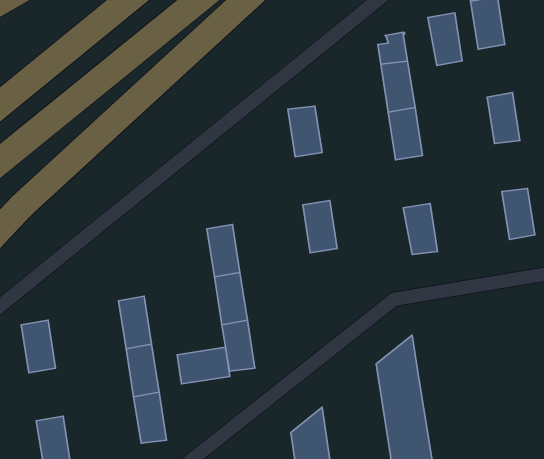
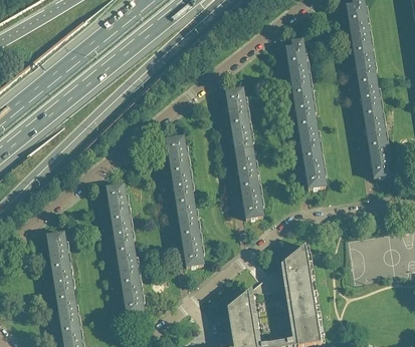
building: [428,13,462,65] -> [353,48,376,83]
building: none -> [364,112,386,146]
building: none -> [230,120,253,155]
building: none -> [297,122,321,157]
building: none -> [166,137,188,171]
building: none -> [240,185,263,219]
building: none -> [107,186,129,220]
building: [177,347,230,384] -> none
building: none -> [51,265,74,300]

